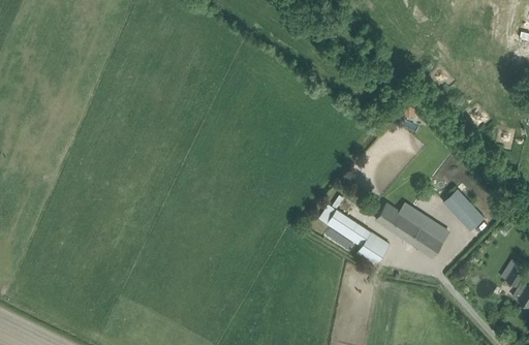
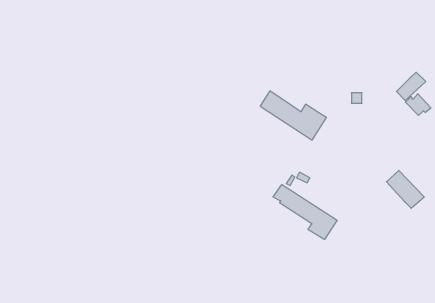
building: none -> [396,72,426,101]
building: [376,202,448,256] -> [260,91,326,140]

